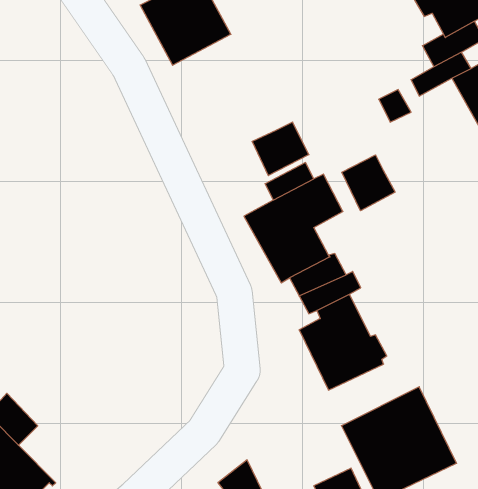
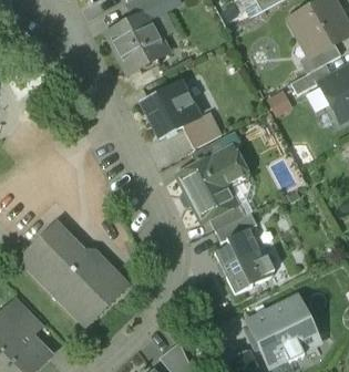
building: none -> [142,81,199,136]
building: [342,155,395,211] -> none
building: none -> [19,226,129,327]

